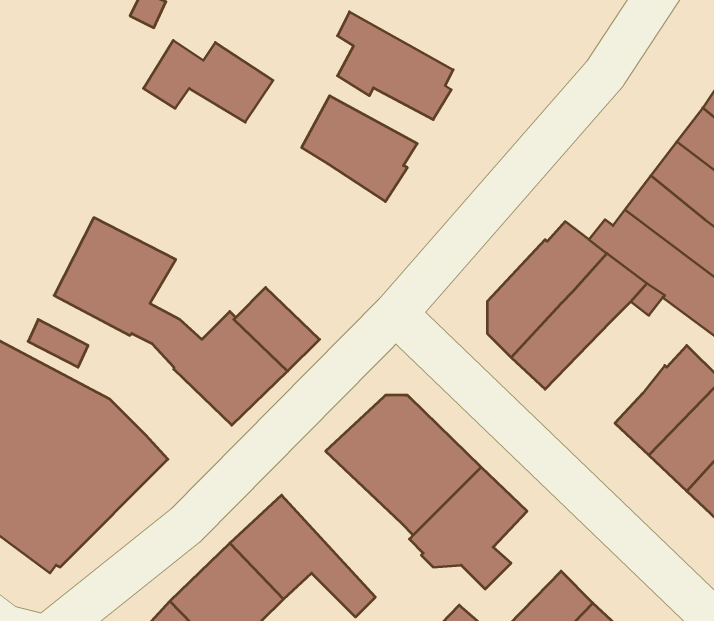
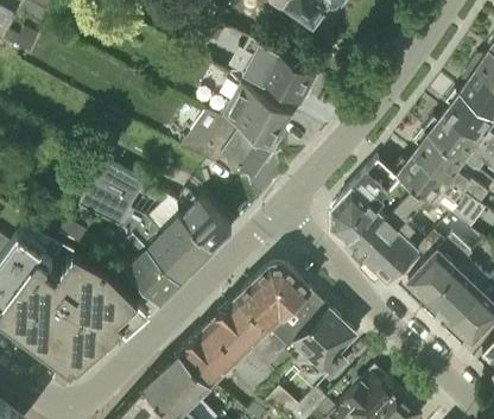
building: [143,40,273,122] -> [192,127,270,176]
building: none -> [365,222,417,282]
building: none -> [124,250,178,304]
building: none -> [208,299,286,386]

